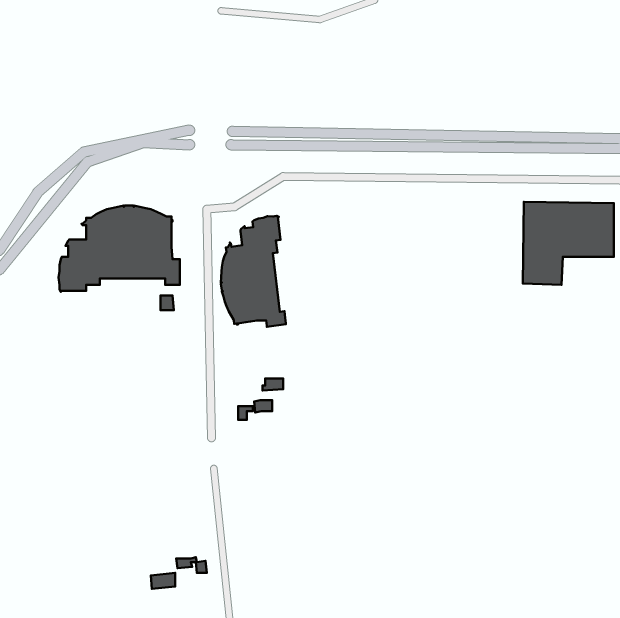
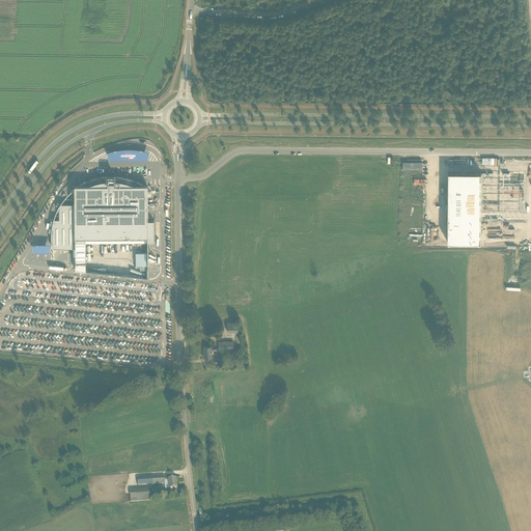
building: [221,216,286,327] -> none

